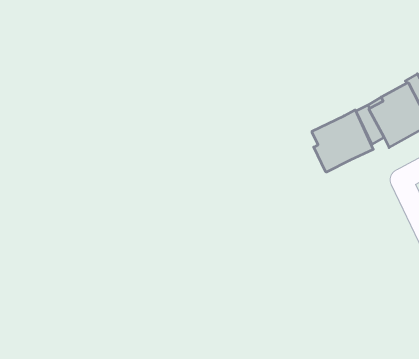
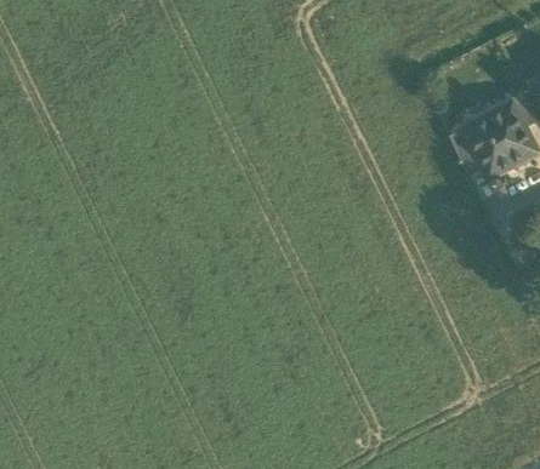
building: [312,110,373,172] -> none

